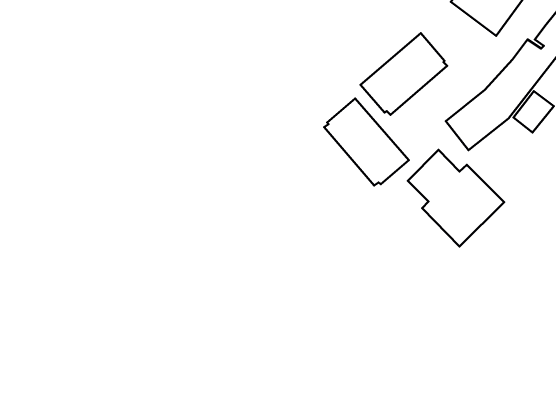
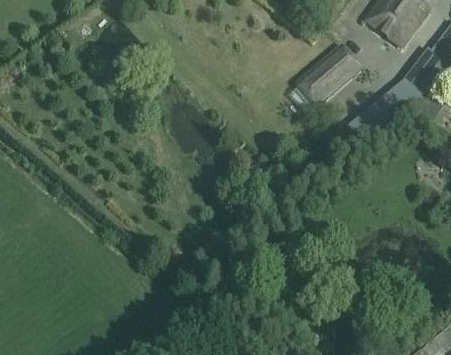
building: [324,99,409,186] -> none
building: [408,150,504,247] -> none

